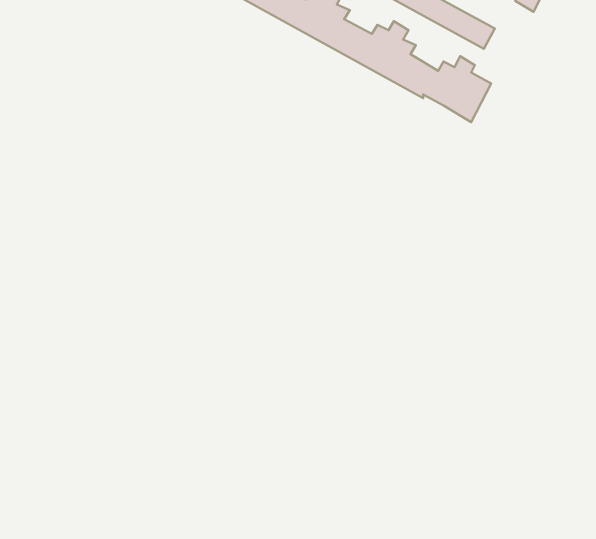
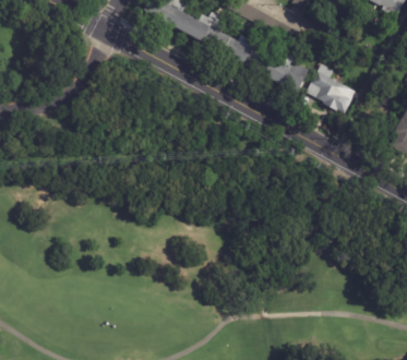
building: none -> [306,63,356,113]

